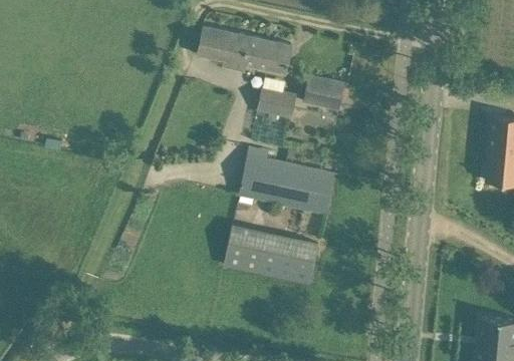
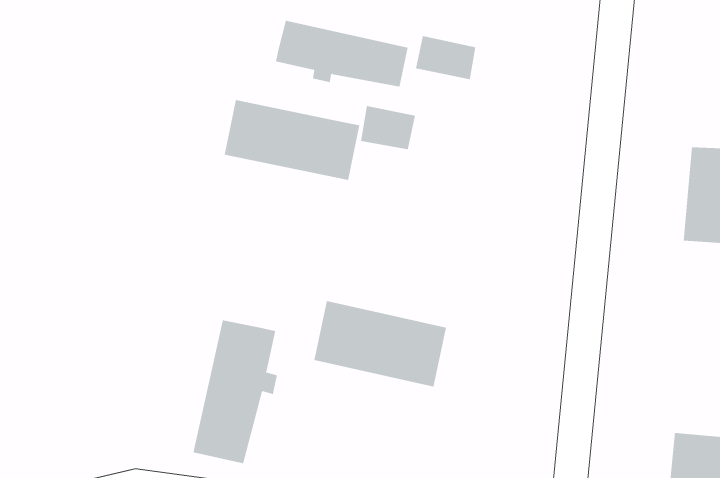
building: [305,75,348,106] -> [415,36,476,80]
building: [239,156,335,214] -> [224,100,360,181]
building: none -> [193,320,277,464]

